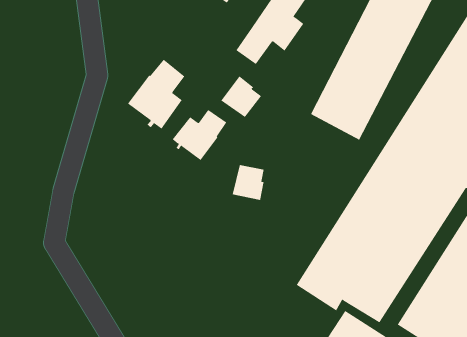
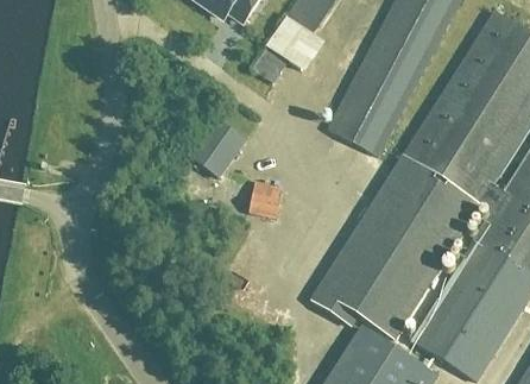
building: [127,59,185,129] -> none
building: [220,75,262,118] -> none

